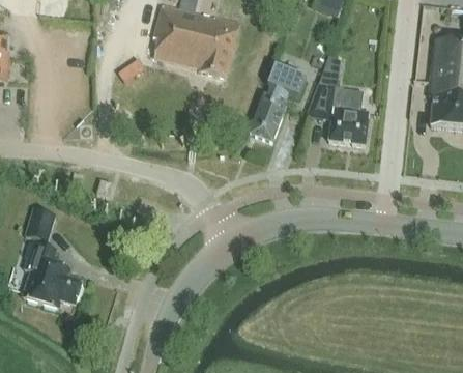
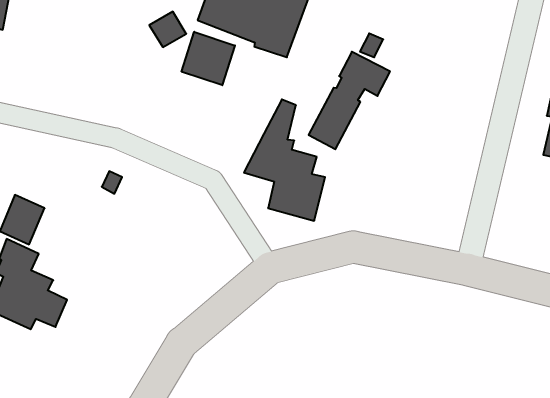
building: [307,56,369,145] -> [244,99,325,221]
building: none -> [182,32,235,85]

